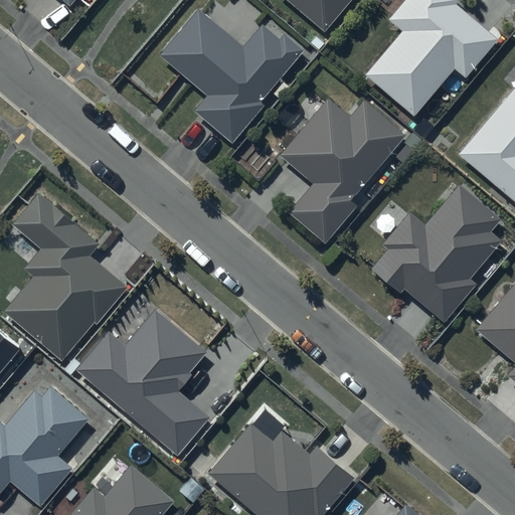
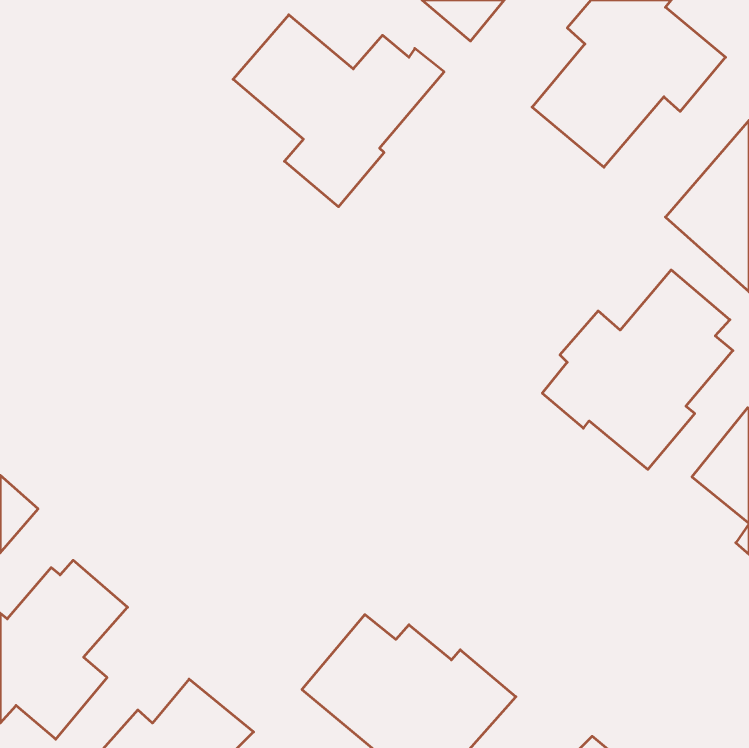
building: [277,95,405,241] -> none
building: [4,192,128,361] -> none
building: [75,309,208,454] -> none

